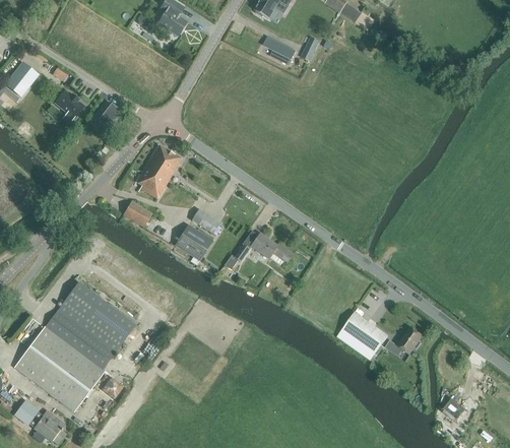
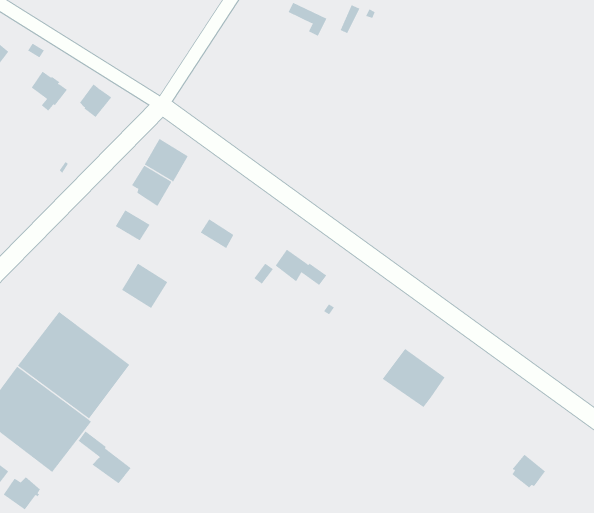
building: [175,225,212,261] -> [121,263,168,309]
building: [396,326,422,354] -> none
building: none -> [78,430,131,484]

